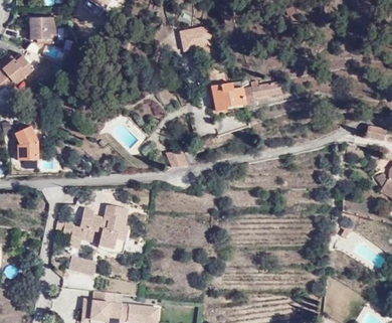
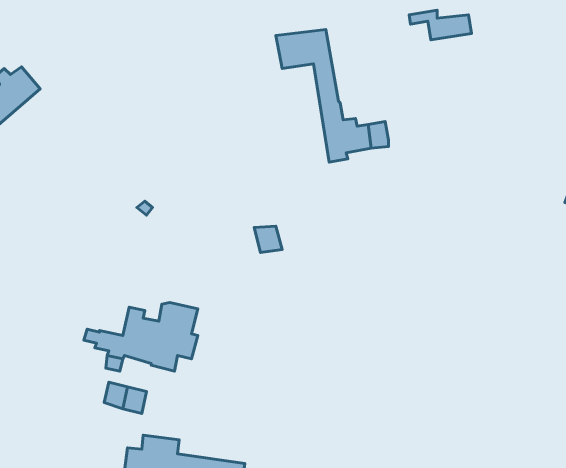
building: [29,15,50,36] -> none
building: [240,78,280,98] -> [409,10,472,40]
building: [10,121,33,155] -> none

